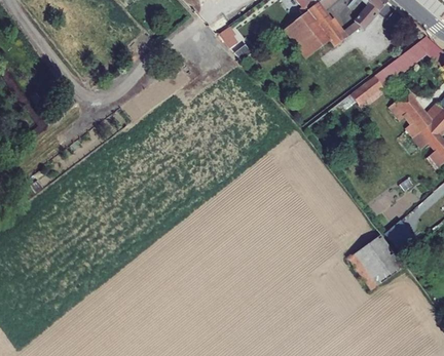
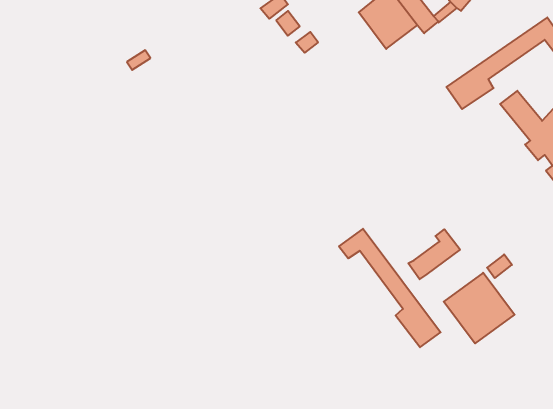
building: none -> [339,229,441,347]
building: none -> [408,229,460,279]

